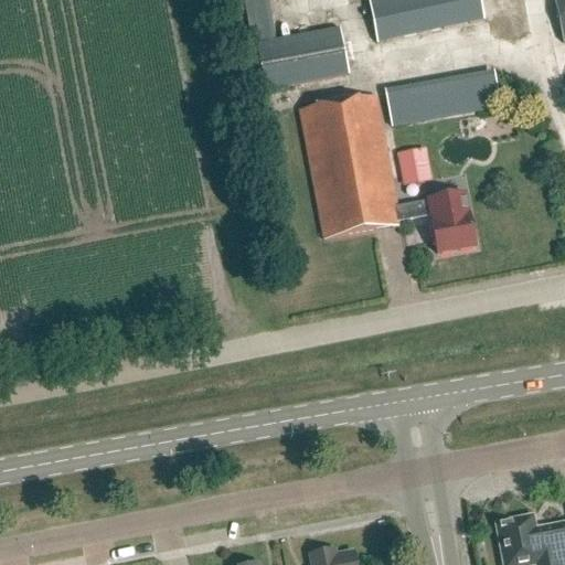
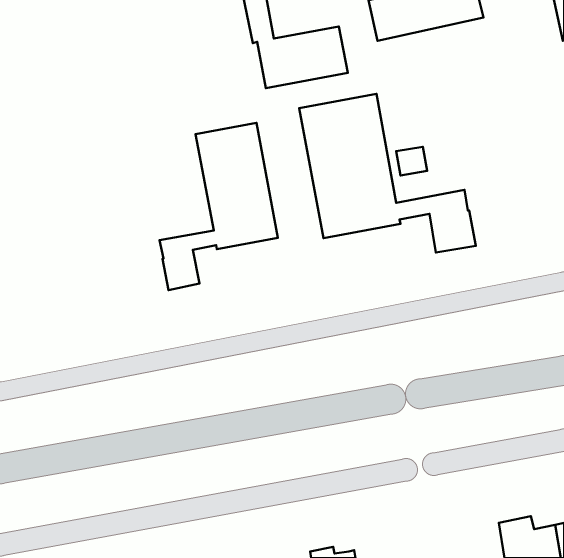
building: [388,67,503,122] -> none
building: none -> [160,123,278,290]

